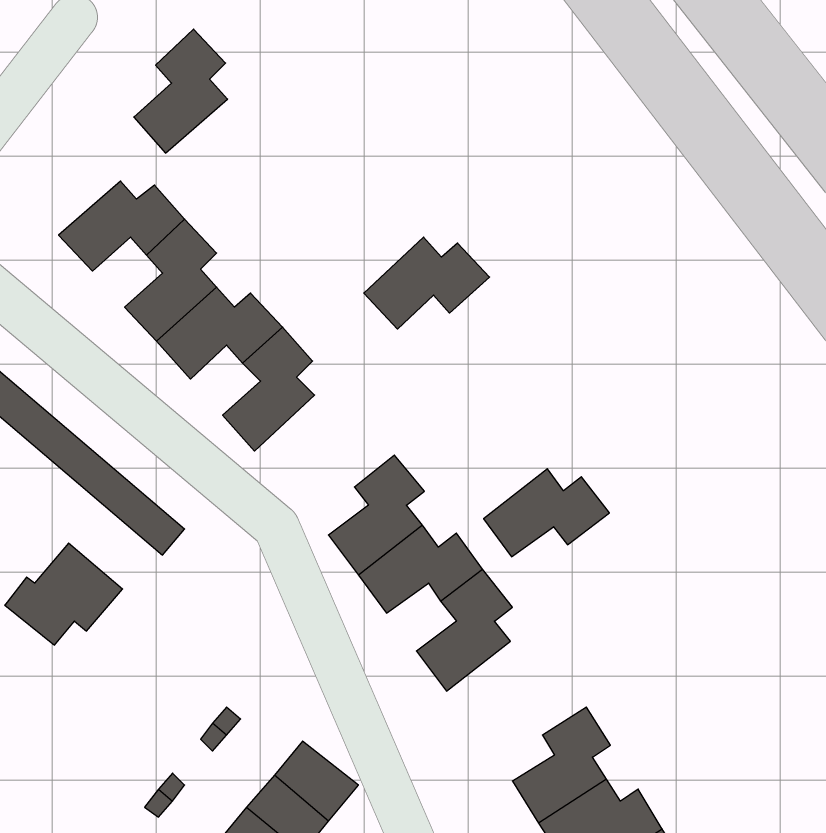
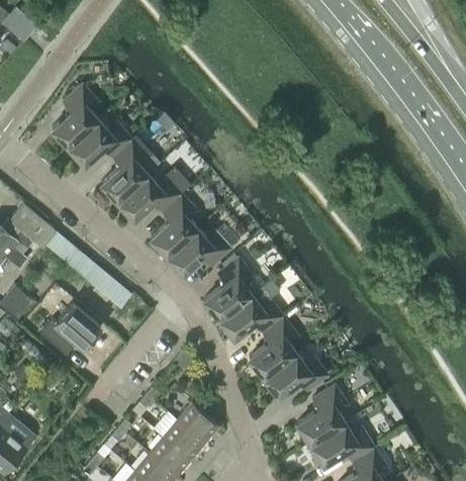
building: [134,29,228,153] -> [52,84,99,147]
building: [364,237,490,329] -> [167,227,230,274]
building: [484,469,609,557] -> [264,352,328,396]

